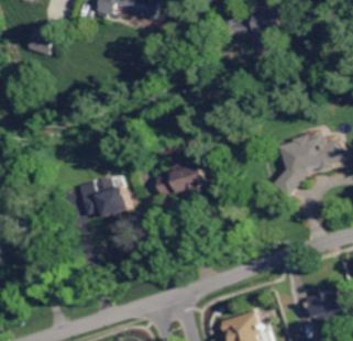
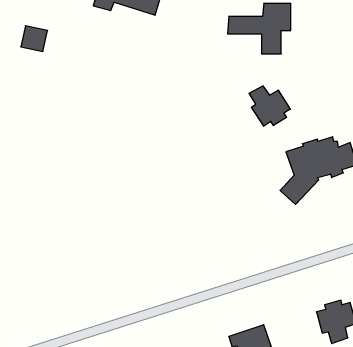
building: none -> [249,86,290,126]
building: [156,160,209,194] -> none
building: [77,180,129,217] -> none

